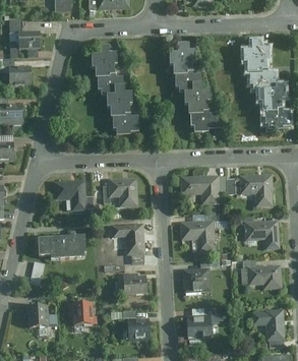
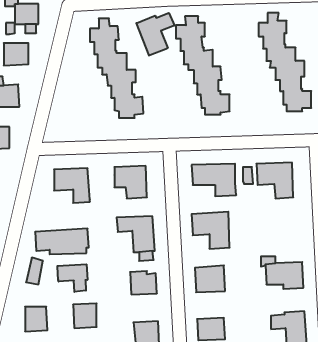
building: none -> [136,13,175,56]
building: [243,220,278,240] -> none
building: none -> [57,264,87,292]

